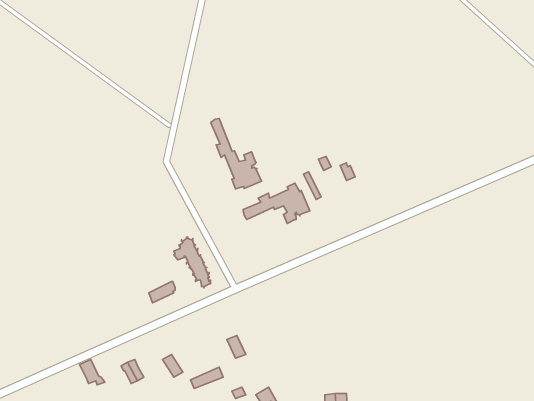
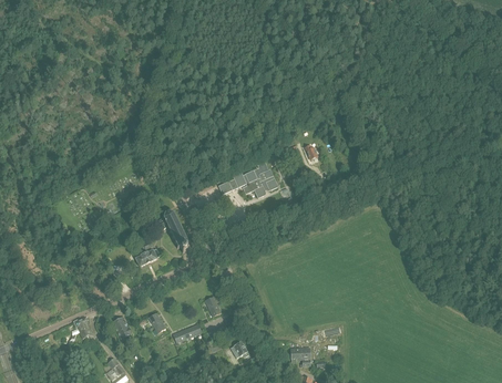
building: [211,119,262,189] -> none

